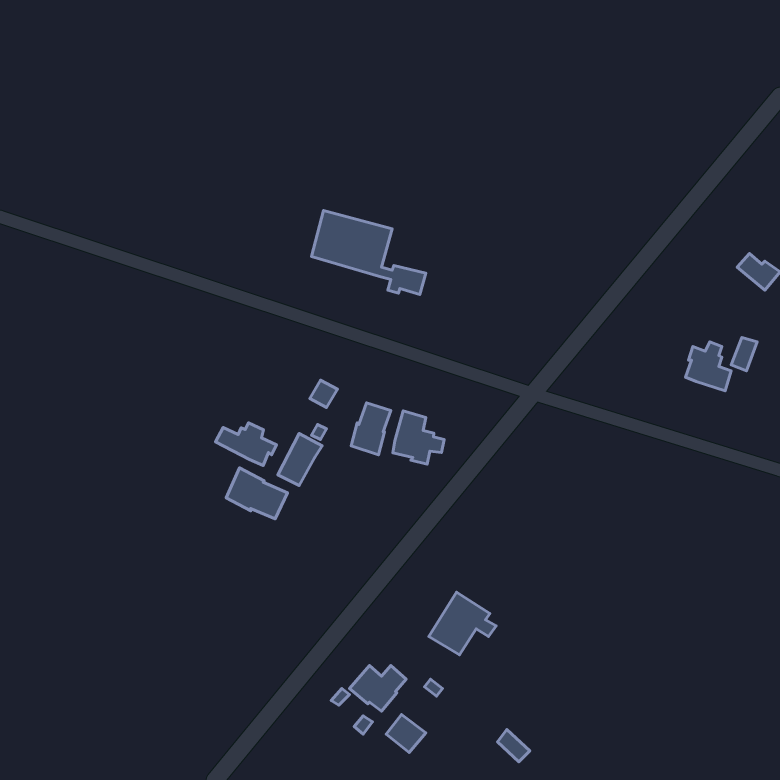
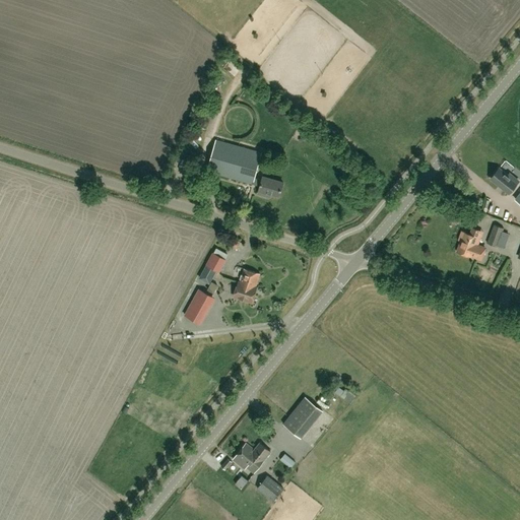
building: [393,411,444,464] -> none
building: [216,423,276,465] -> none
building: [226,468,288,519] -> none

